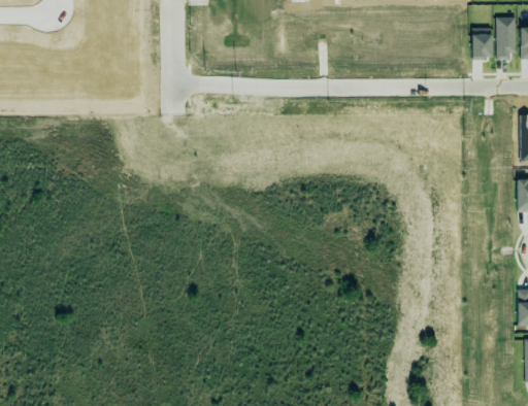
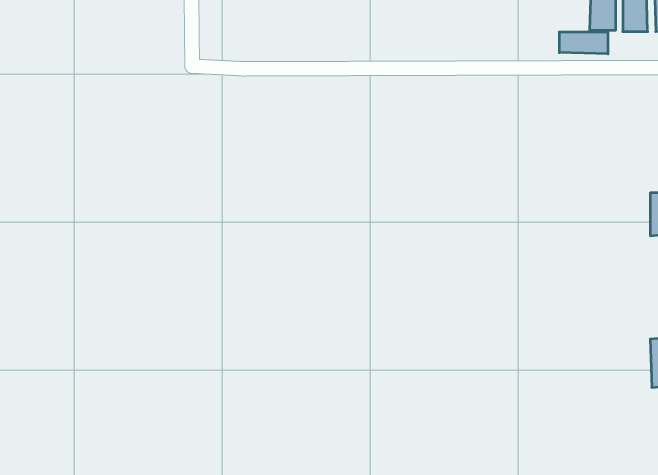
building: none -> [559,32,608,54]

